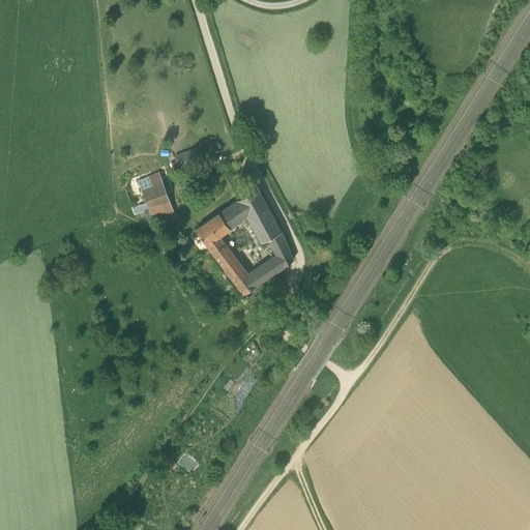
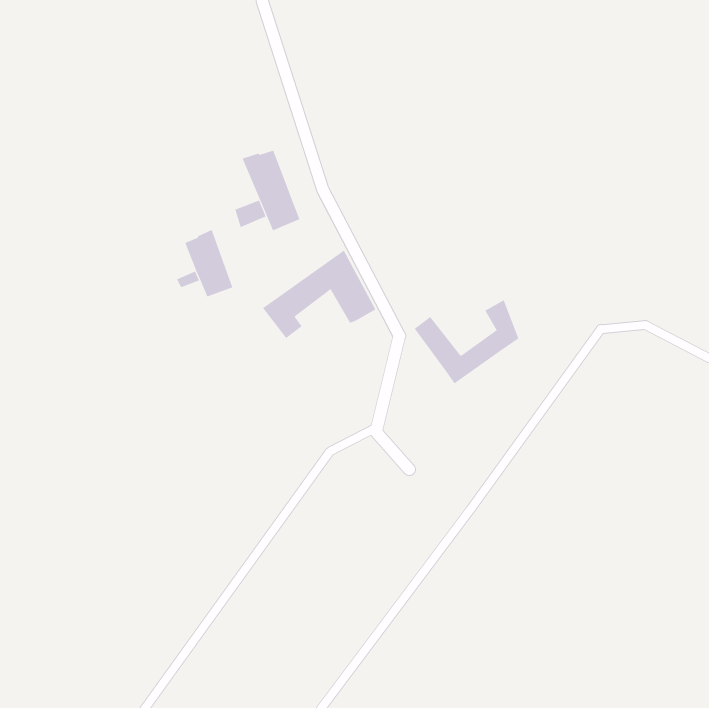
building: none -> [242,150,300,231]
building: [213,232,292,295] -> [414,300,519,384]

